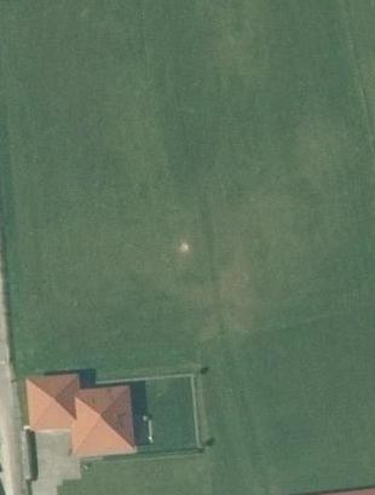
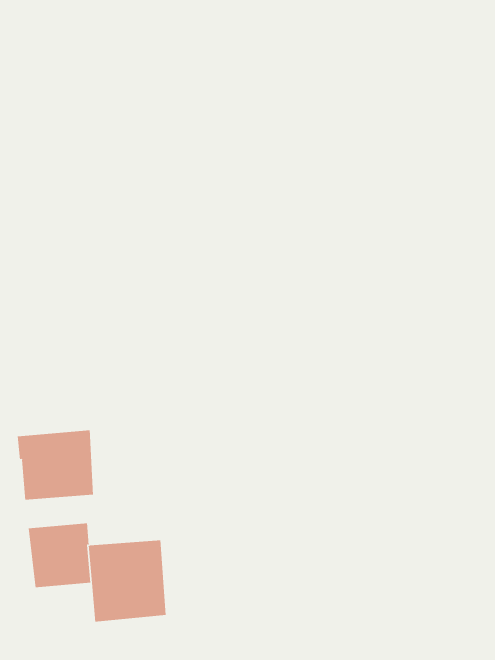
building: none -> [17,430,94,501]

